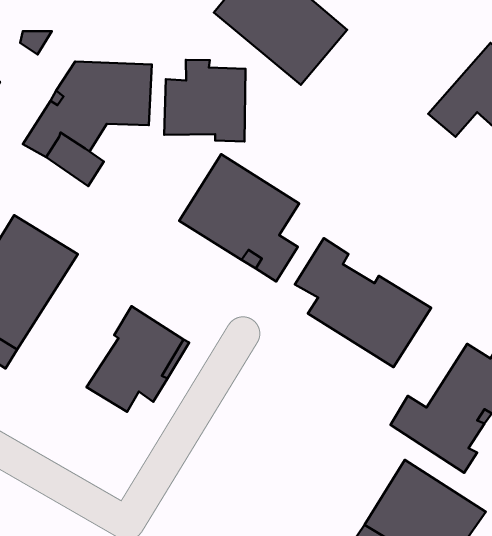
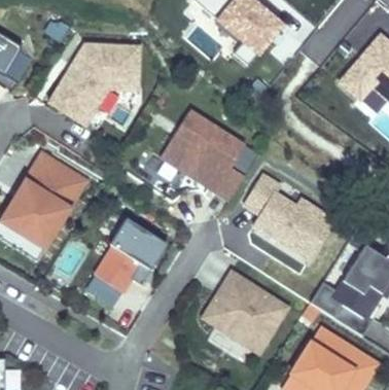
building: [164,60,246,142] -> none
building: none -> [202,272,288,354]

